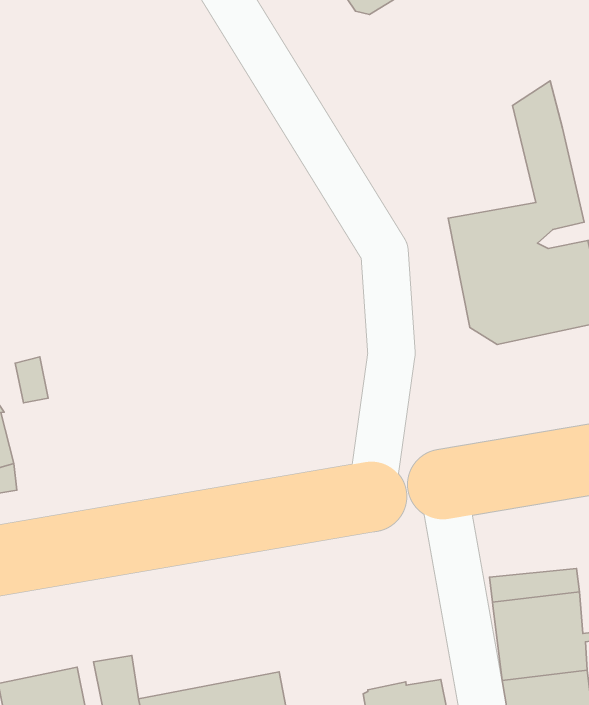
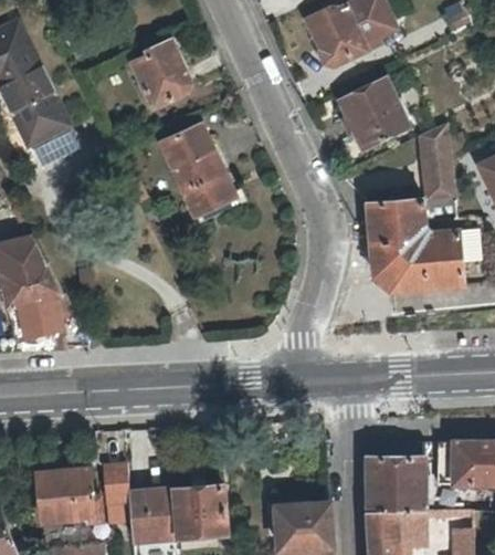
building: none -> [133,43,189,102]
building: none -> [339,78,408,148]
building: none -> [161,127,232,211]

